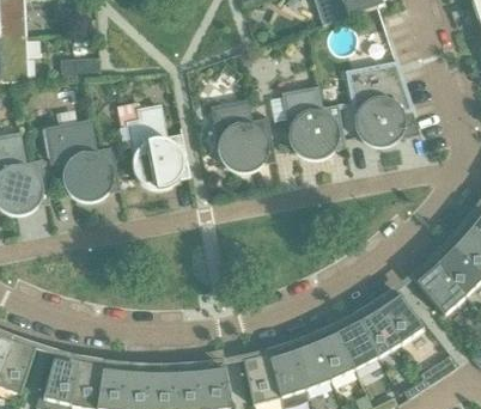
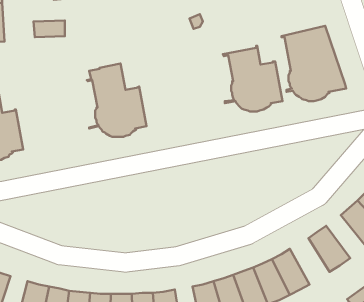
building: [207,98,275,173] -> none
building: [42,117,120,202] -> none
building: [354,305,400,358] -> none

